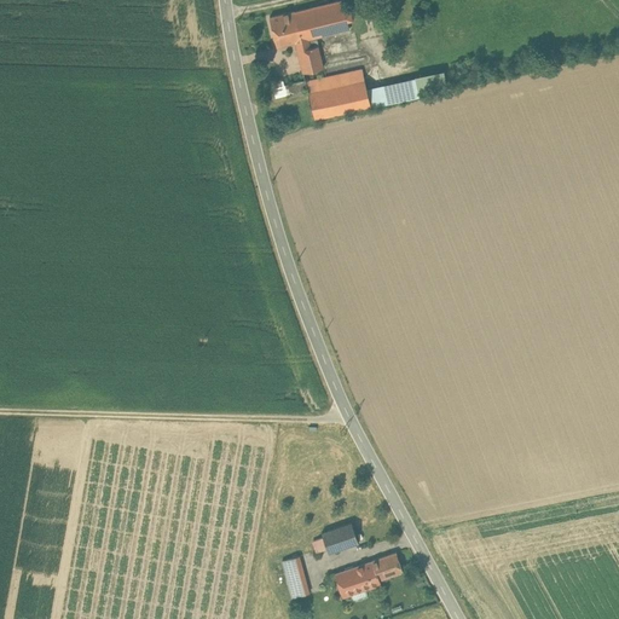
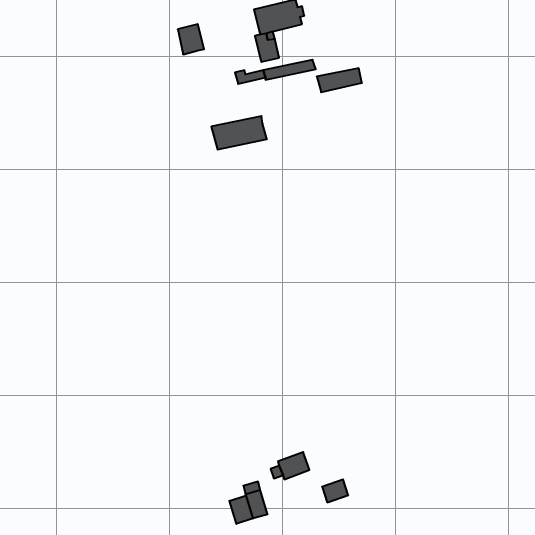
building: [270,12,300,47] -> [178,24,204,54]
building: [306,81,370,120] -> [211,116,267,150]
building: [335,562,378,597] -> none
building: none -> [229,496,253,524]

